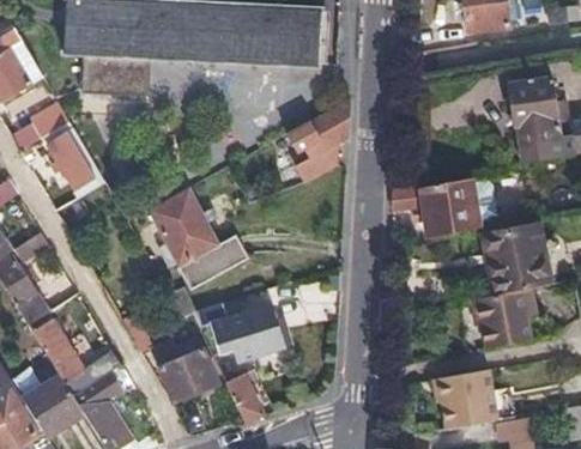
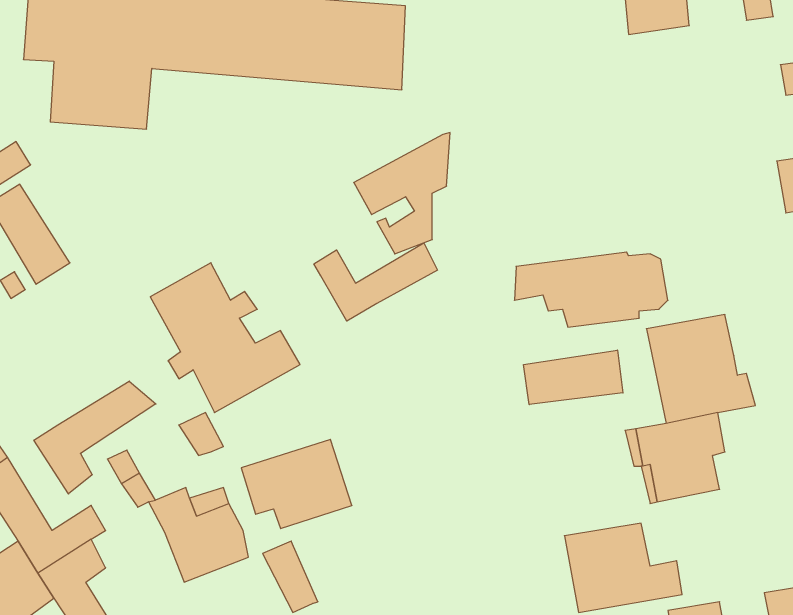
building: [508,79,555,152] -> none
building: none -> [314,243,437,321]
building: none -> [524,350,623,405]
building: none -> [34,381,156,494]

